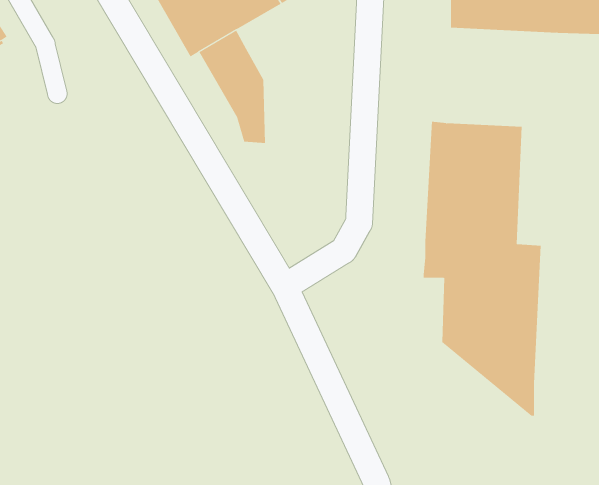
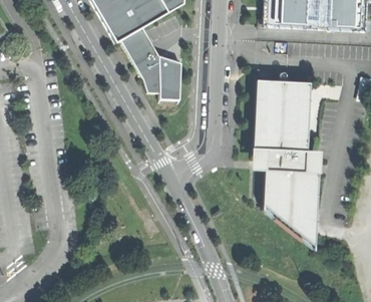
building: none -> [159,55,181,99]

